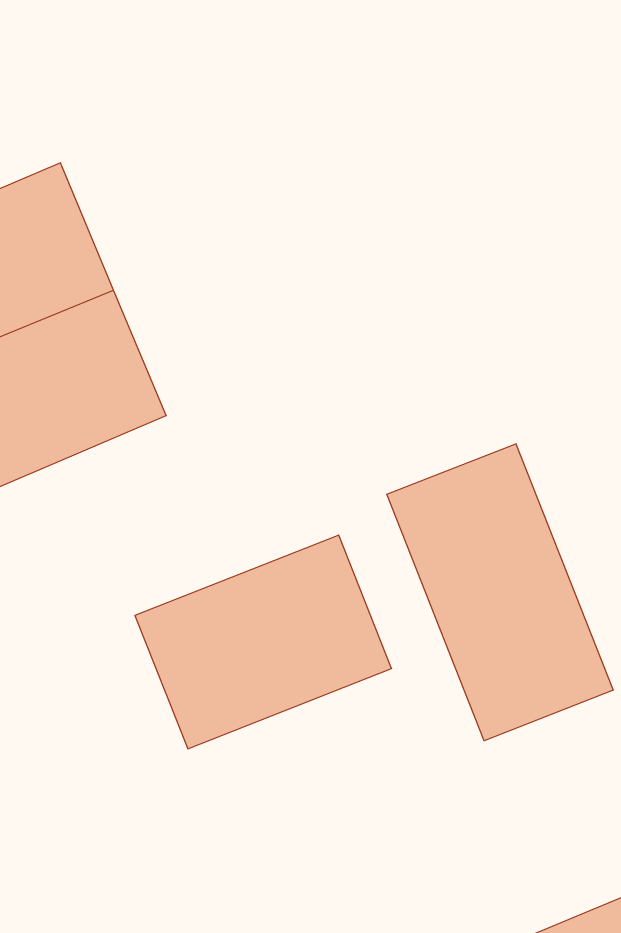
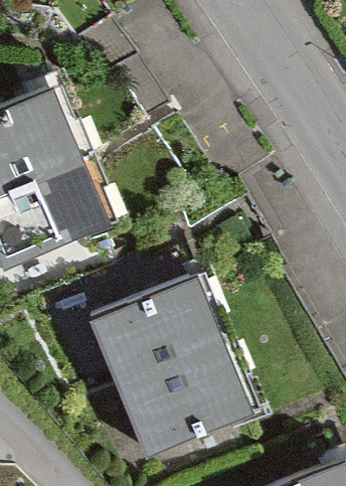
building: [387,444,613,741] -> none
building: none -> [121,344,252,454]

